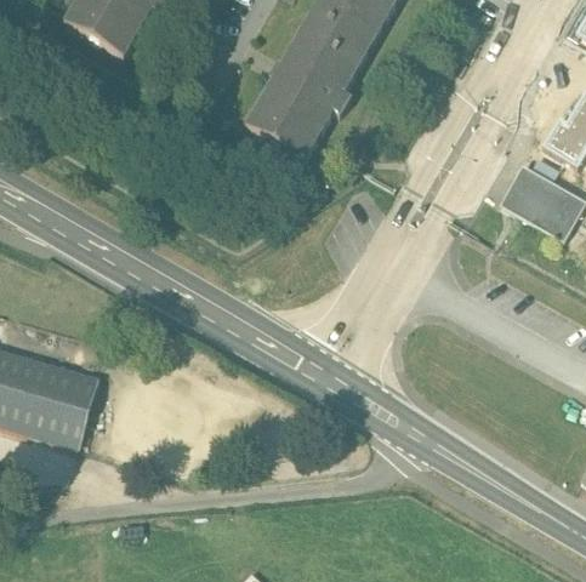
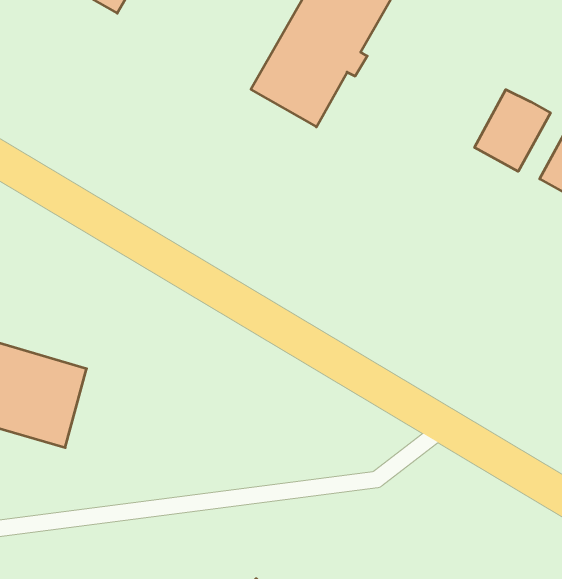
building: none -> [475,90,550,171]

